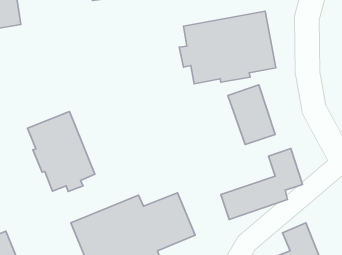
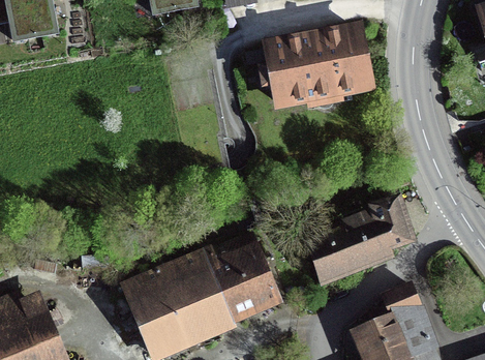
building: [228,85,275,145] -> none
building: [28,112,95,192] -> none

